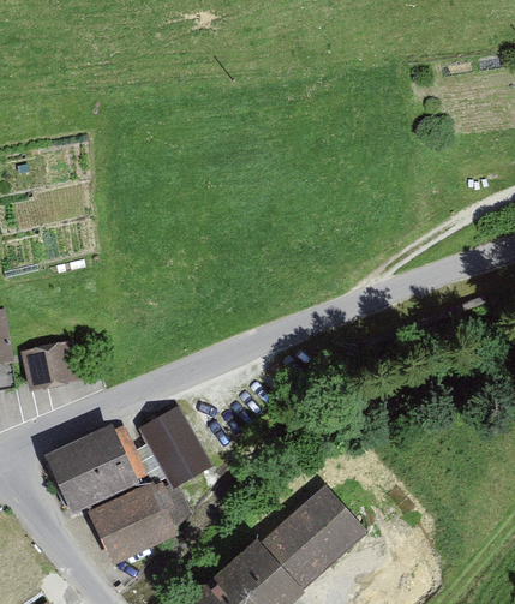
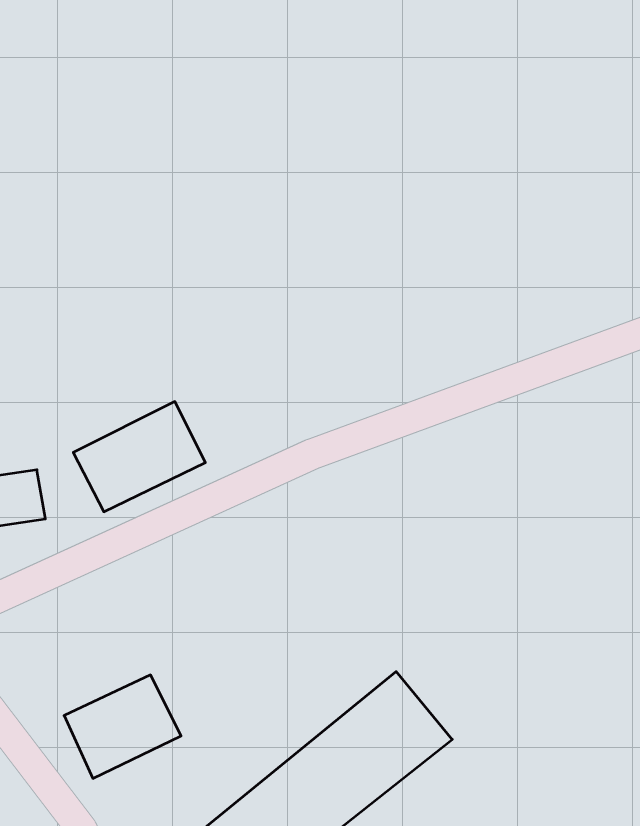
building: [142,412,210,484] -> none
building: [52,429,145,507] -> [73,402,205,512]

